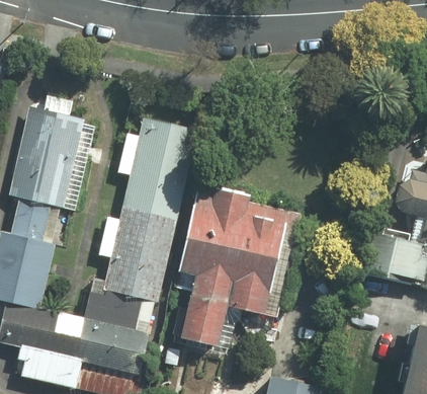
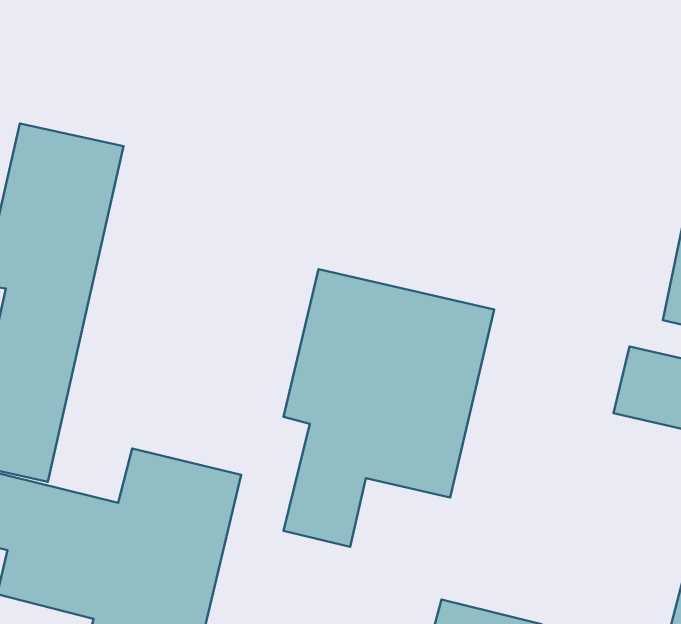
building: [99,117,198,302] -> none

